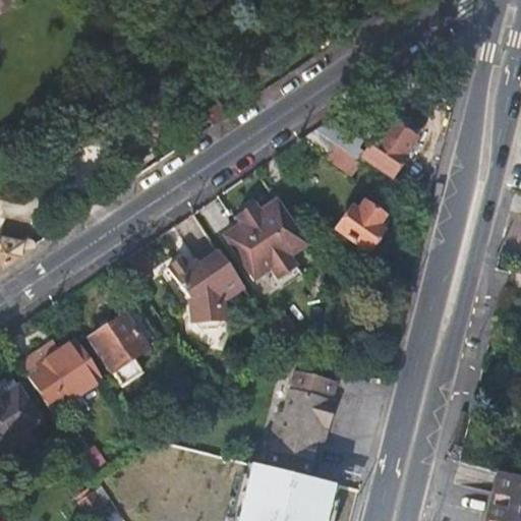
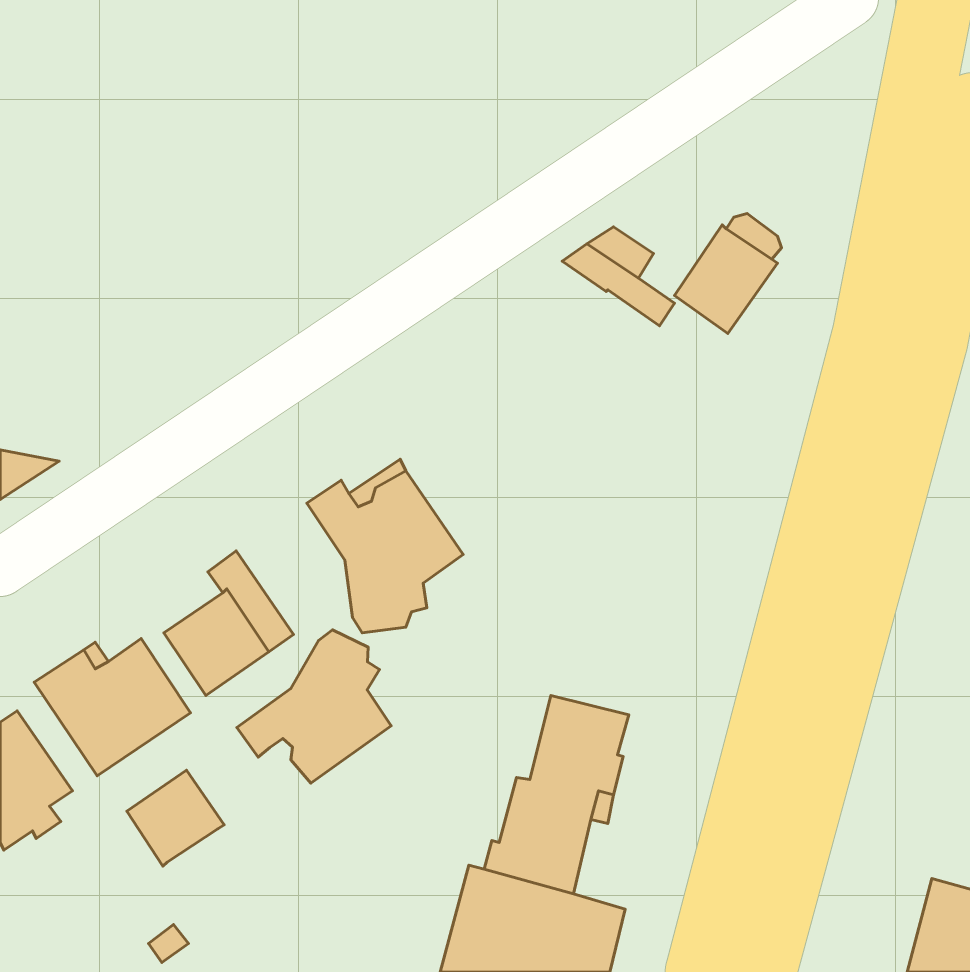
building: [223,200,305,281] -> none
building: [336,206,383,251] -> none
building: none -> [237,630,391,783]
building: none -> [127,770,224,866]

